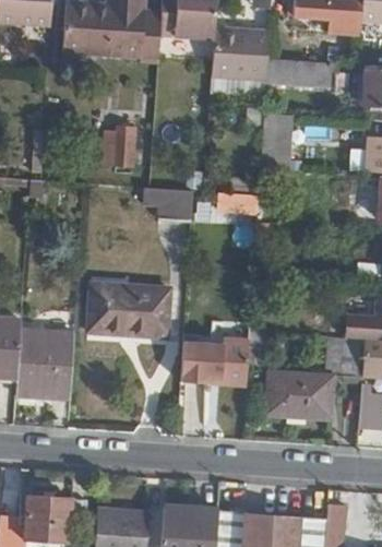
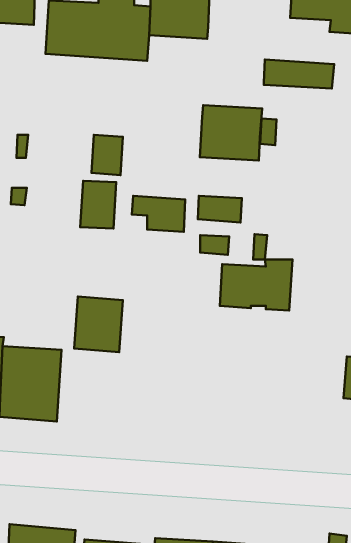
building: [210,27,268,80] -> [200,105,262,161]
building: none -> [80,181,116,228]
building: [129,285,170,336] -> none
building: [180,338,249,387] -> [220,260,293,310]
building: [264,371,330,420] -> none

